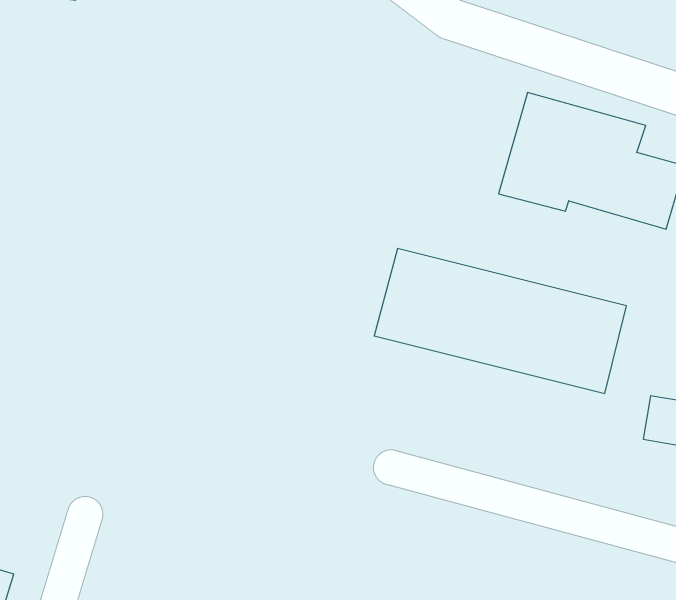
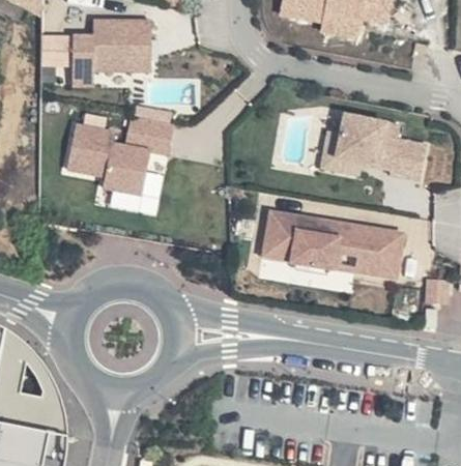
building: none -> [65,107,173,194]

